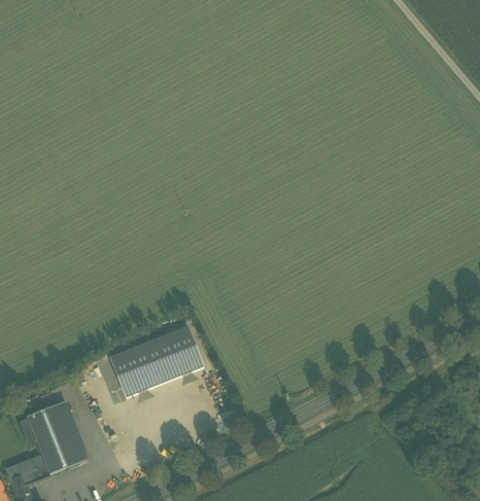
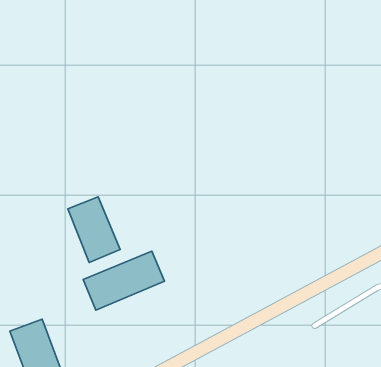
building: none -> [68,197,120,262]

